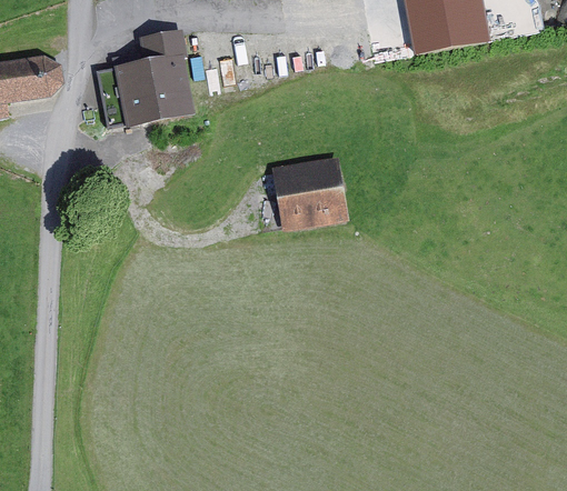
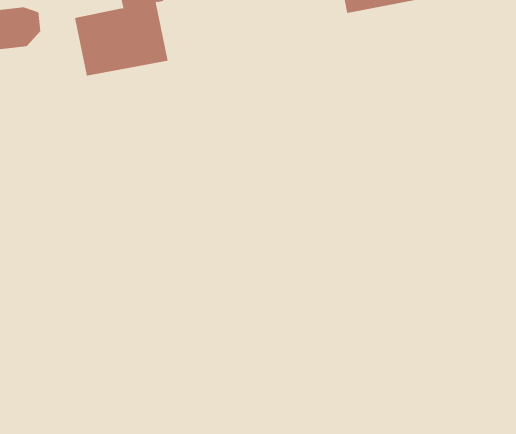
building: [273,157,348,228] -> none

